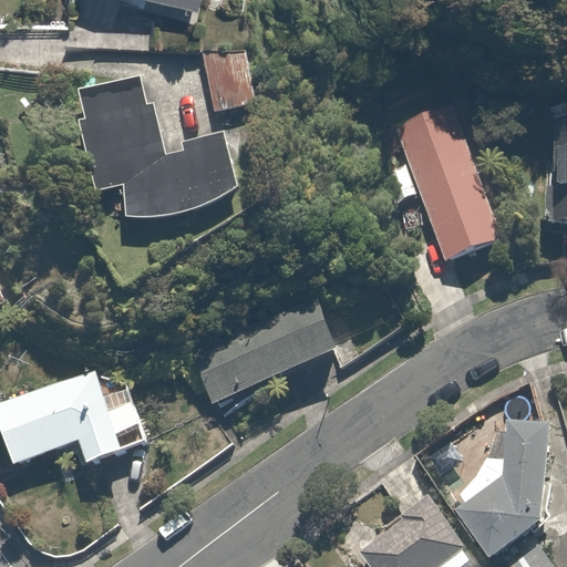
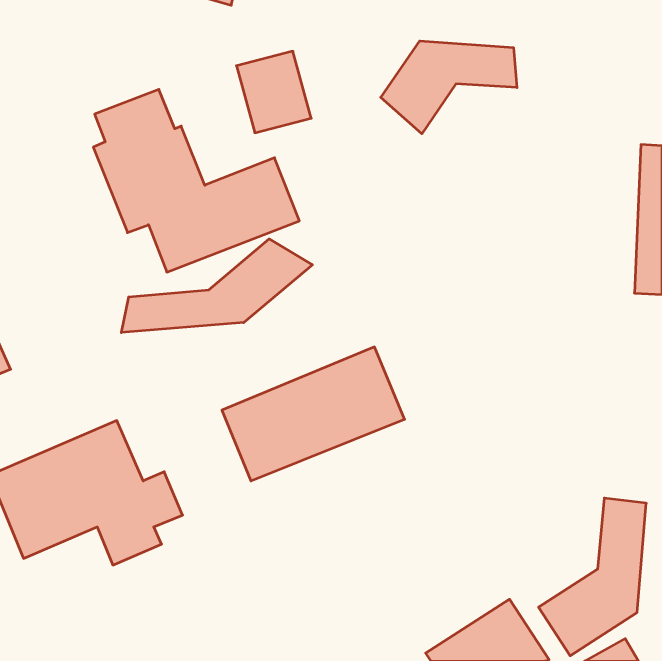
building: none -> [381,41,517,134]
building: [379,95,513,264] -> none
building: none -> [121,239,312,333]

